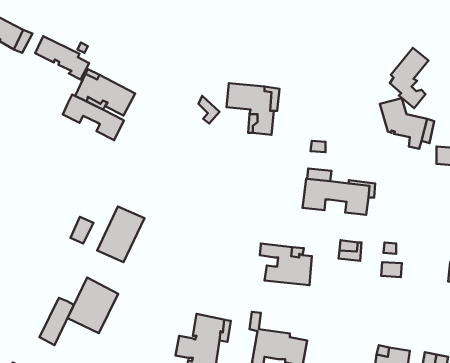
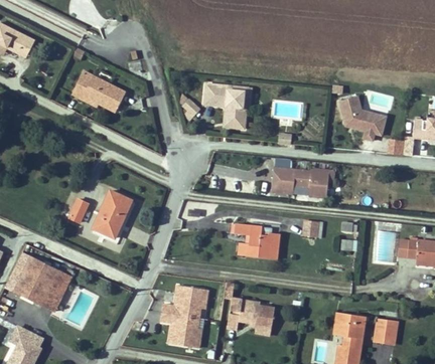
building: [35,36,89,79] -> none
building: [390,48,428,108] -> none
building: [63,95,124,140] -> none
building: [68,278,118,333] -> [14,256,58,305]

